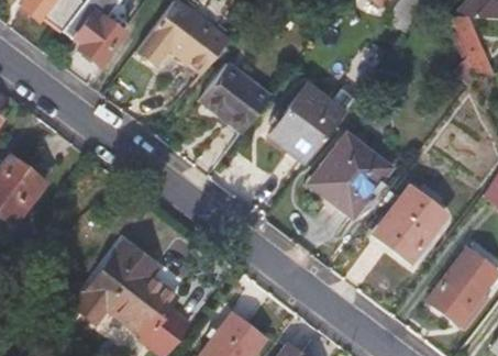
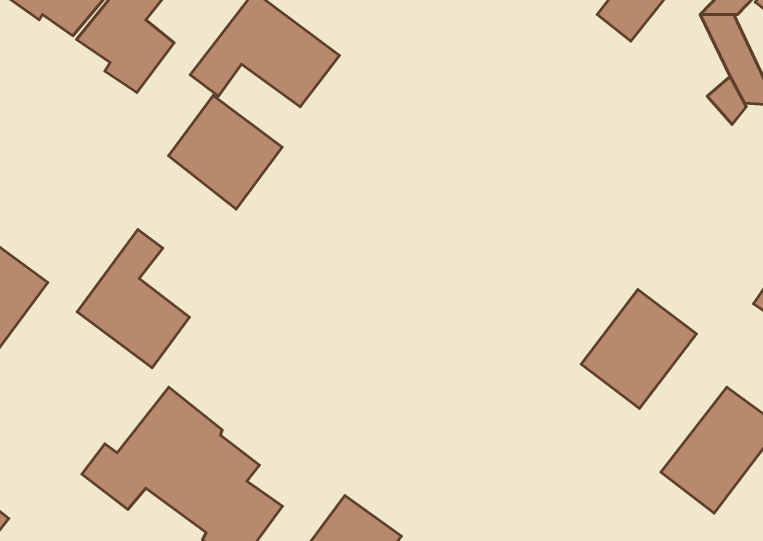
building: [201,63,272,133] -> [169,96,282,209]
building: [266,81,346,165] -> none
building: [314,135,389,214] -> none
building: none -> [77,229,190,368]

